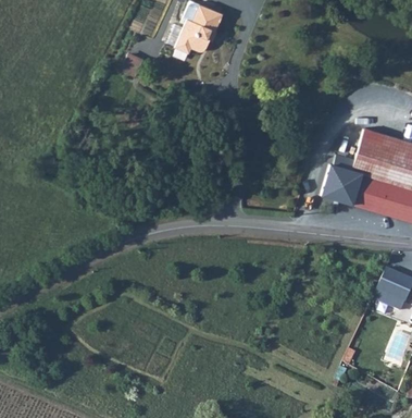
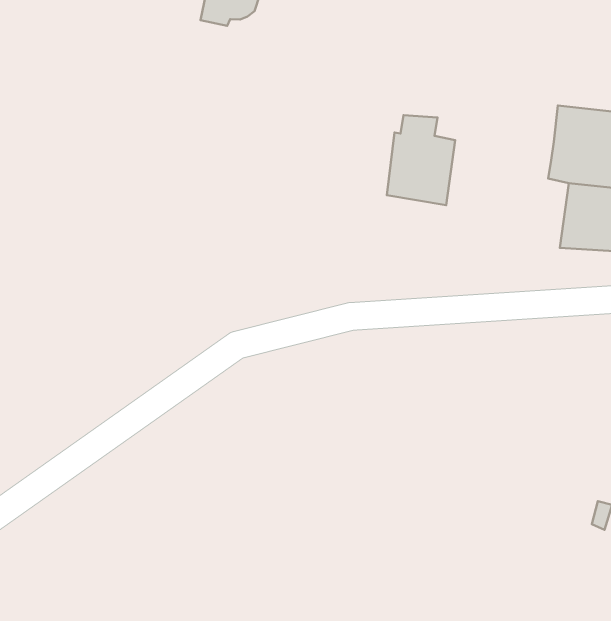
building: [320,153,362,207] -> [387,115,455,205]

